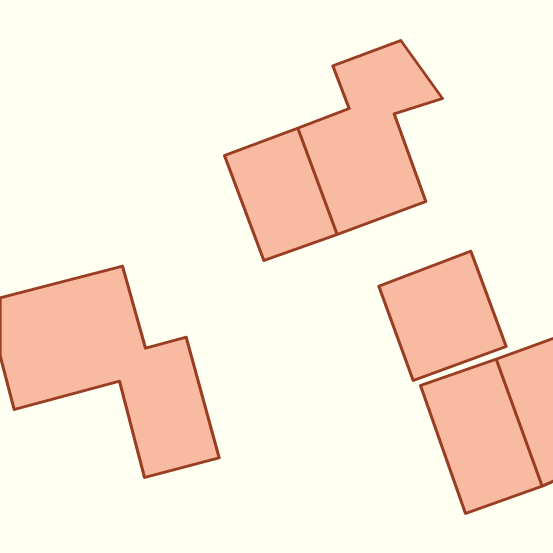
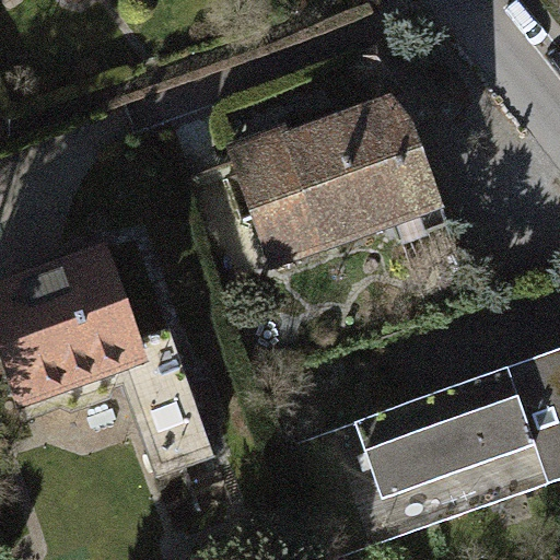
building: [379,251,506,381] -> none
building: none -> [332,385,471,546]

